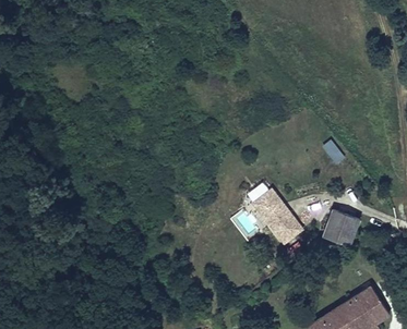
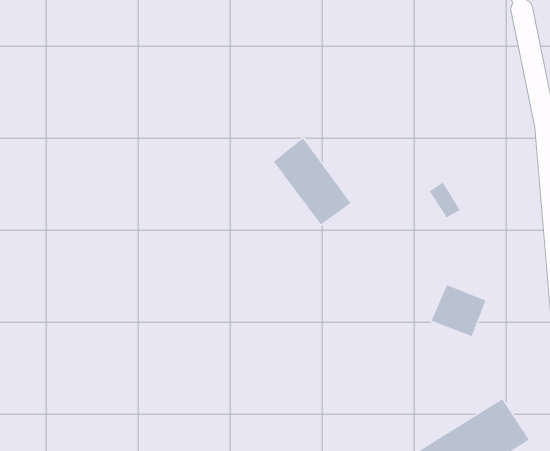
building: [251,185,304,245] -> [273,137,351,226]

